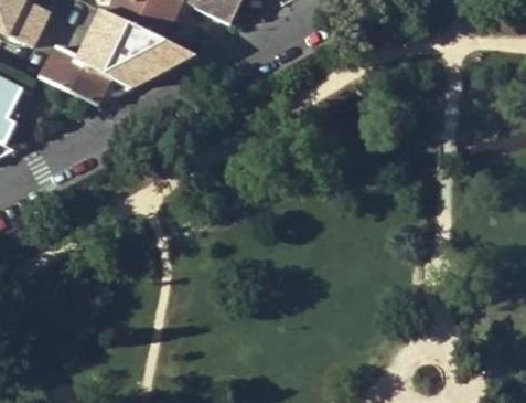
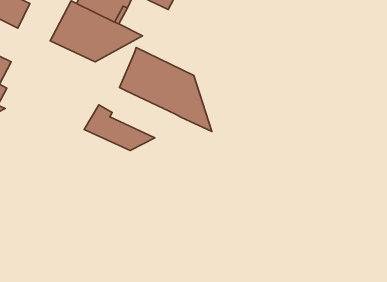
building: [41,44,132,104] -> [84,105,155,151]
building: none -> [119,47,212,132]

